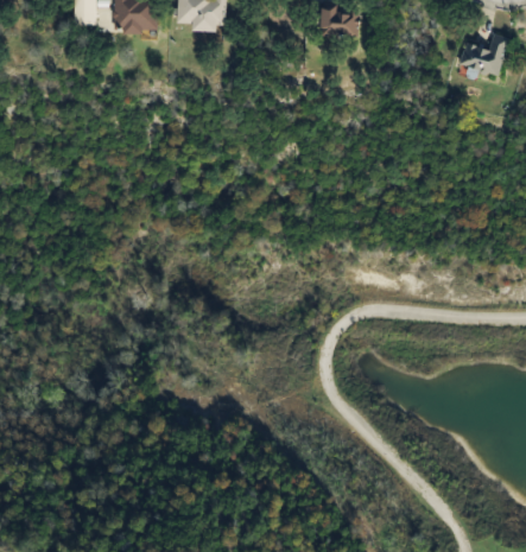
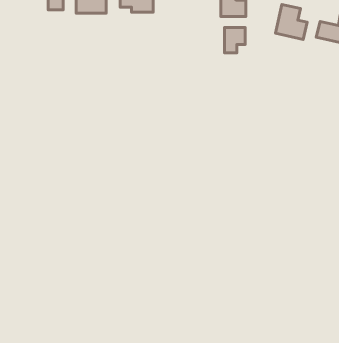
building: none -> [276,5,307,39]
building: none -> [225,28,245,53]

